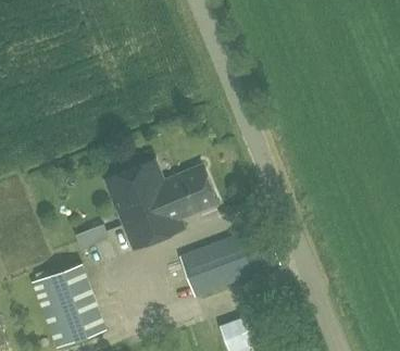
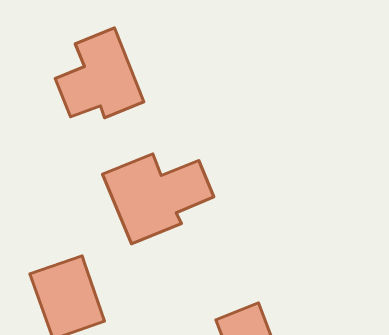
building: none -> [55,28,144,118]
building: [182,227,277,296] -> none

